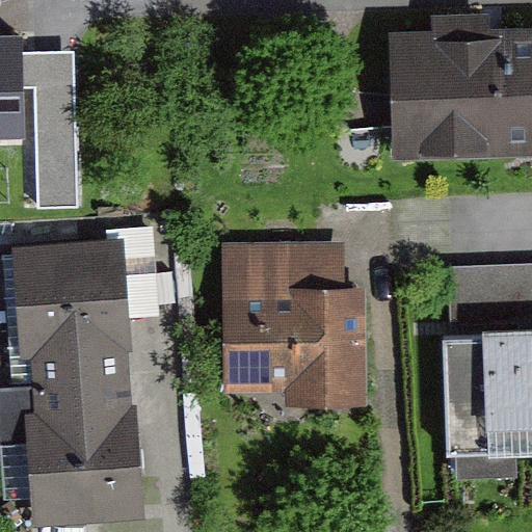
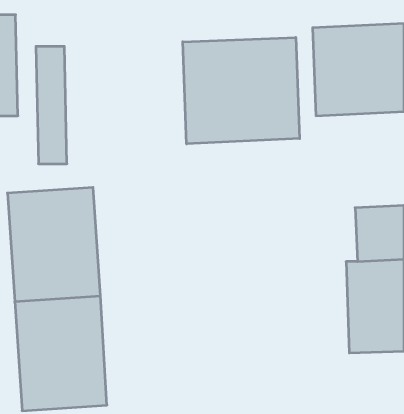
building: none -> [183,37,300,144]
building: [223,242,368,402] -> none

